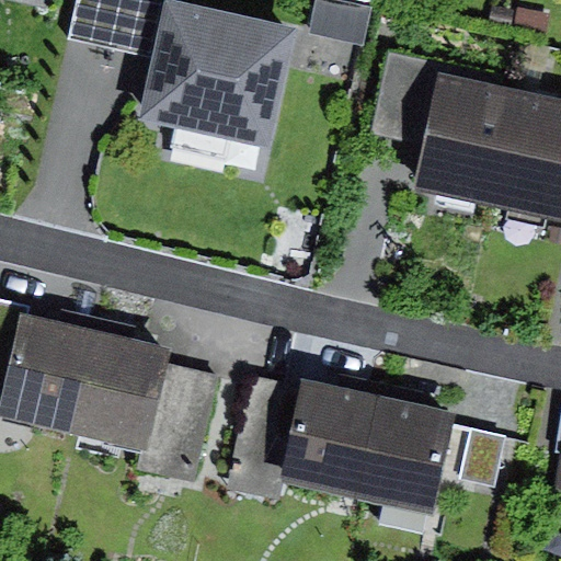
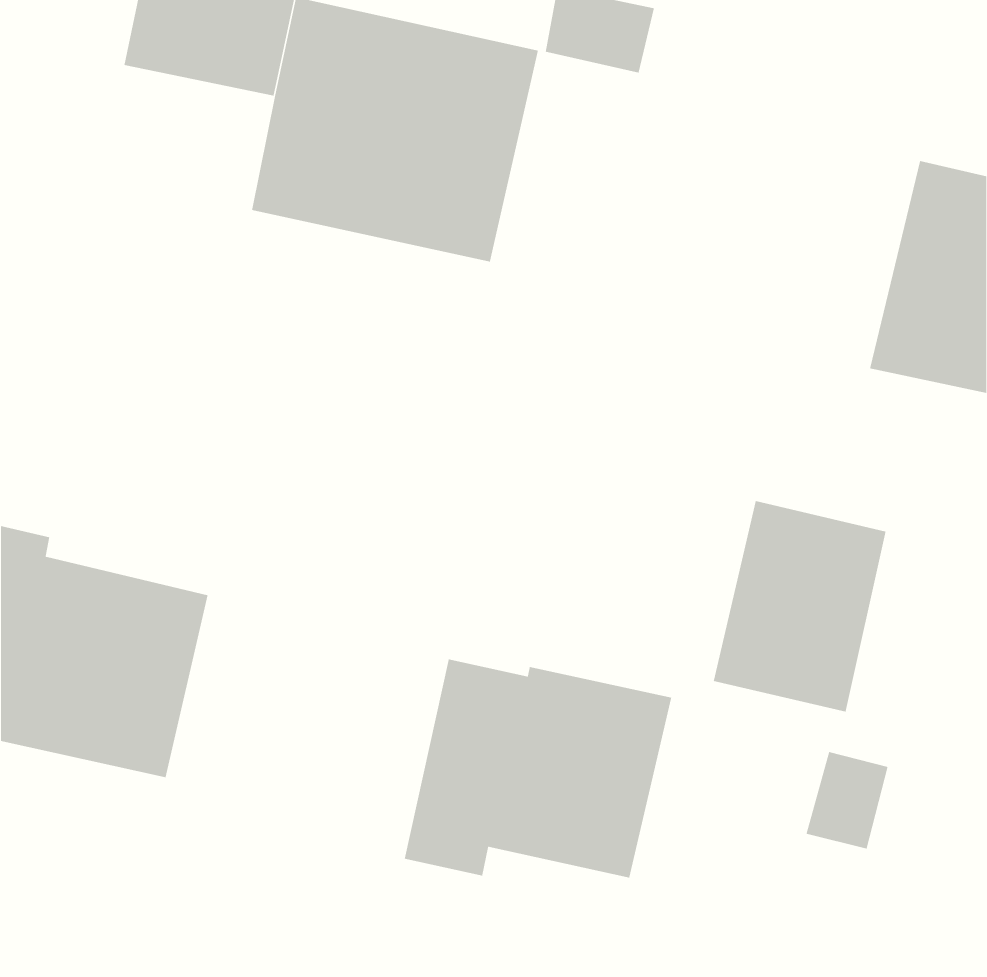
building: [370,49,522,209] -> none
building: [94,337,221,485] -> none
building: [357,396,456,516] -> [713,500,887,713]

